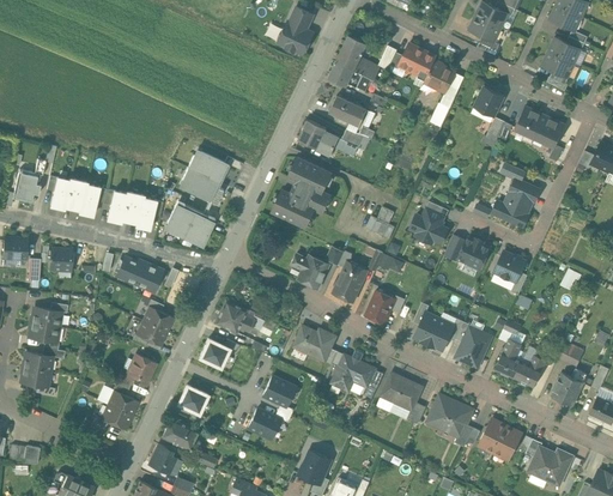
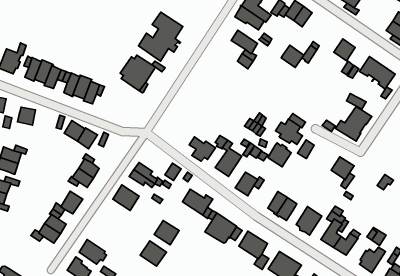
building: [424,62,455,92] -> [281,45,304,68]
building: [299,121,339,156] -> none
building: [273,158,330,226] -> [139,12,183,61]
building: [166,201,214,243] -> none
building: [459,237,490,270] -> [268,143,291,167]
building: [175,383,210,417] -> none

